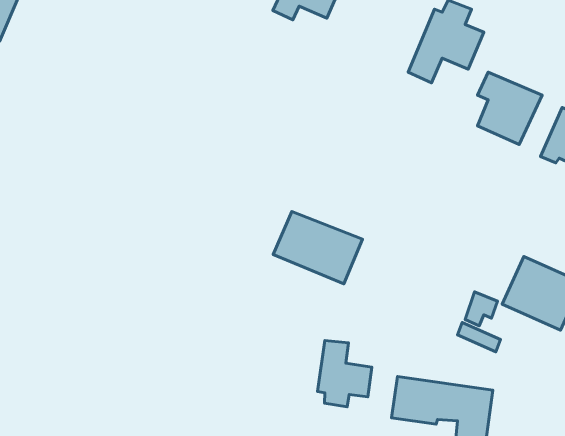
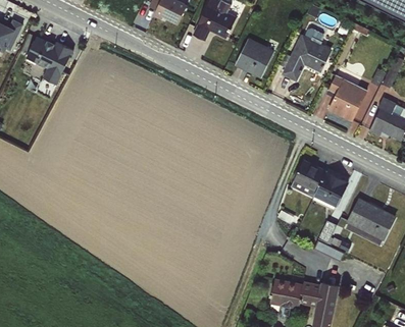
building: none -> [26,33,73,85]
building: none -> [235,37,274,78]
building: [273,211,362,284] -> [290,160,349,208]
building: [317,340,372,407] -> none

